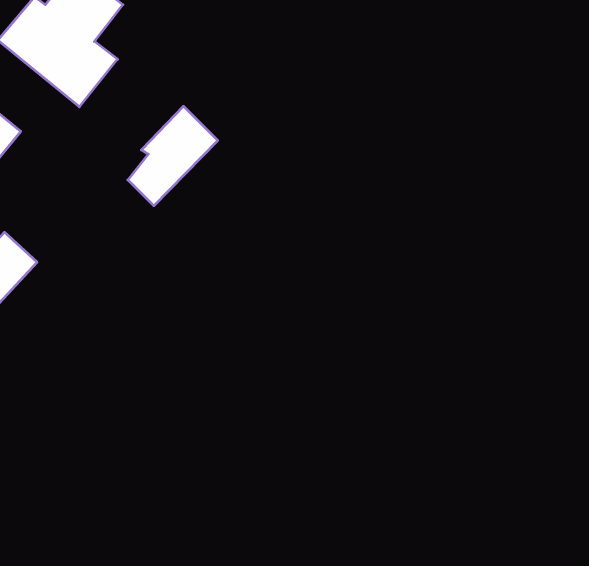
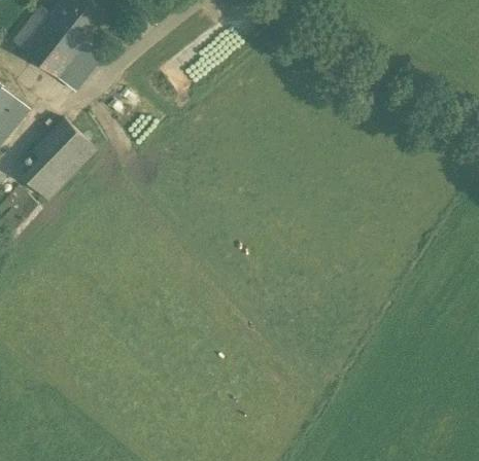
building: [128,106,218,206] -> [21,118,89,193]

